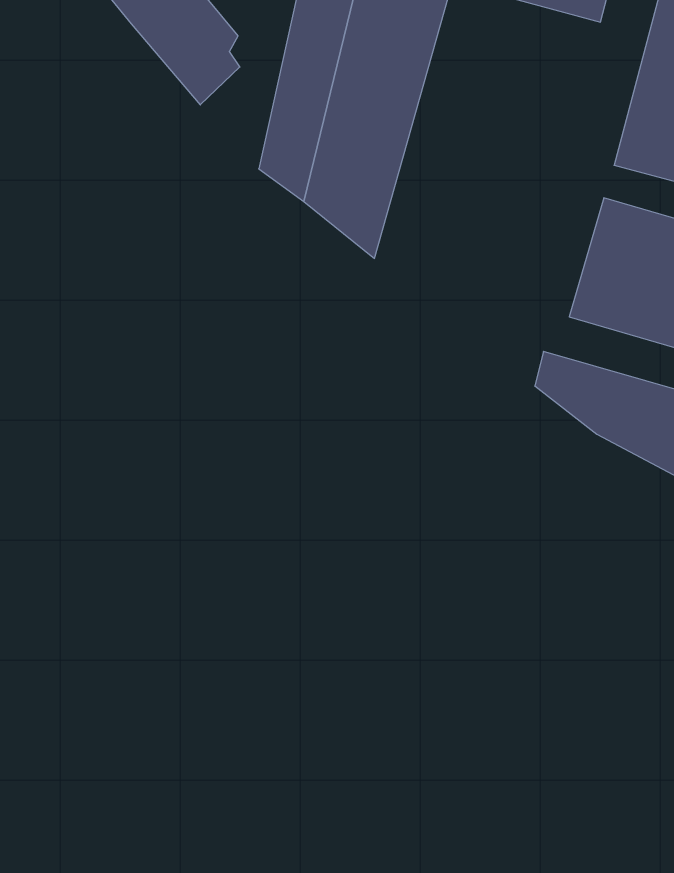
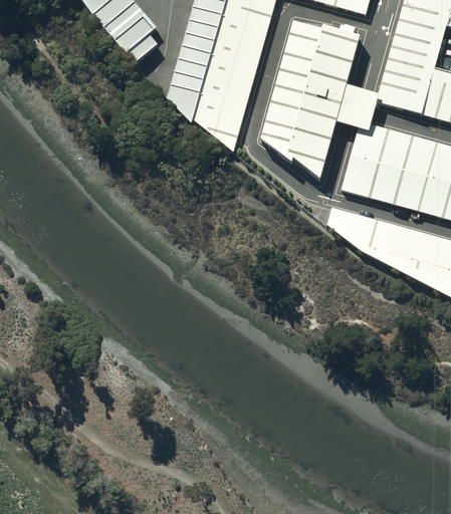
building: none -> [256,15,376,177]

